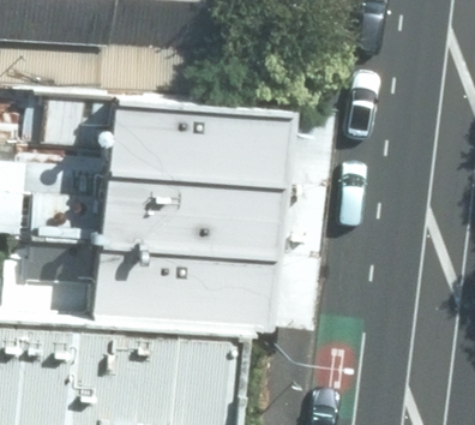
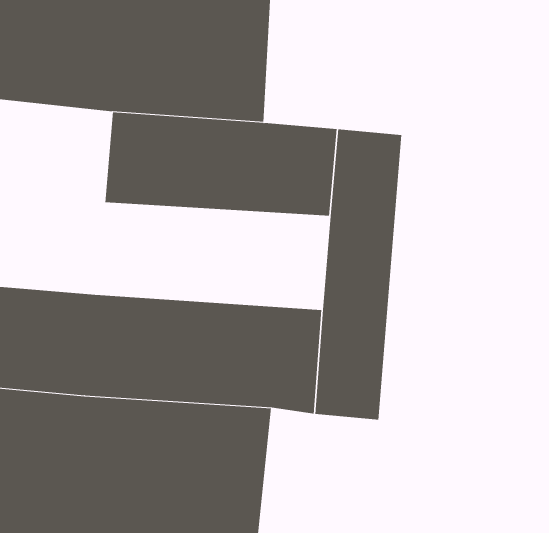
building: [85,162,269,246] -> none

